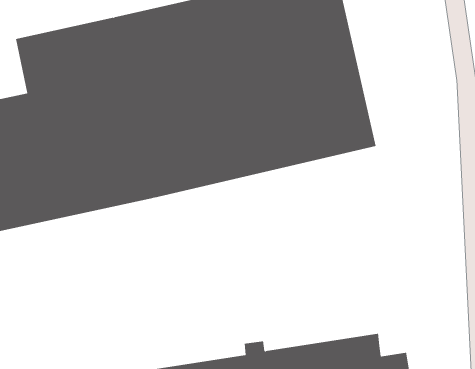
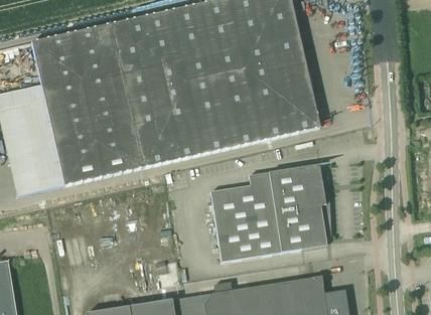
building: none -> [209,164,330,262]

